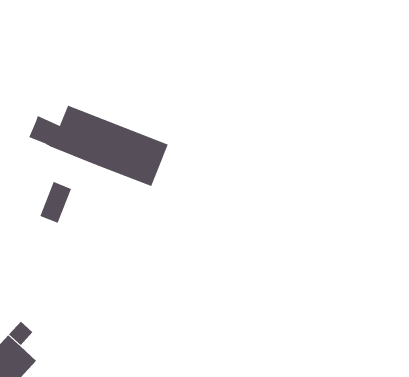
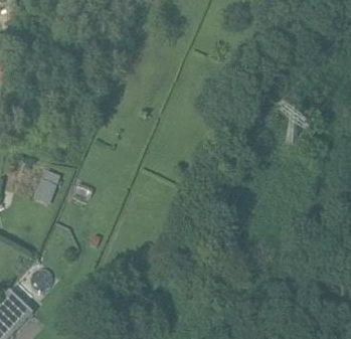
building: [29,105,168,187] -> none

